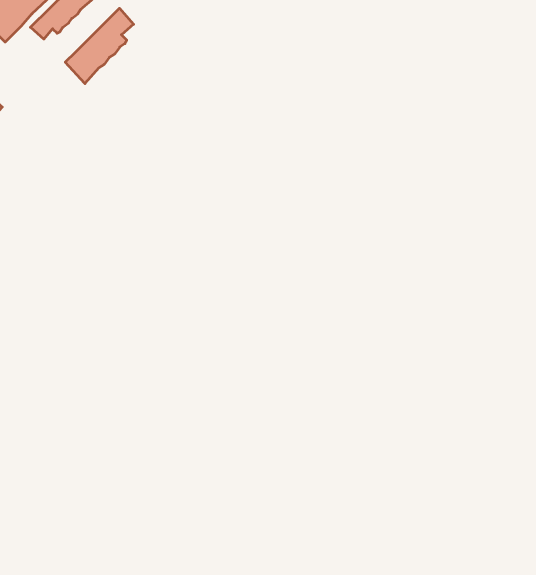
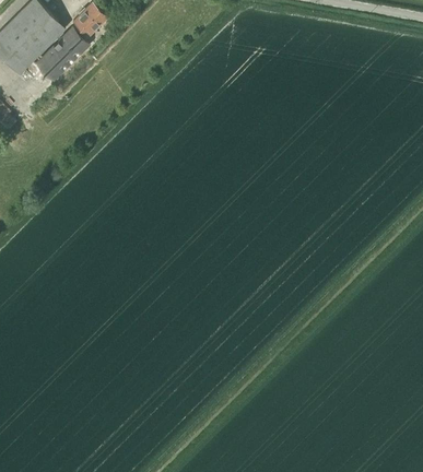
building: [65,8,134,84] -> none

